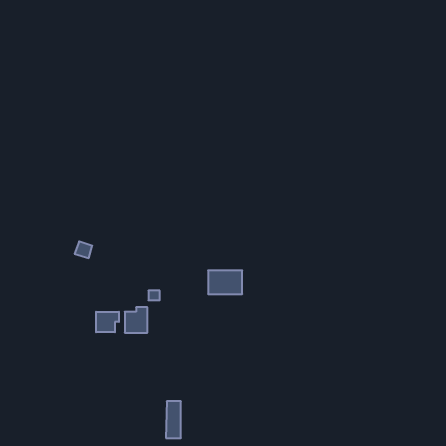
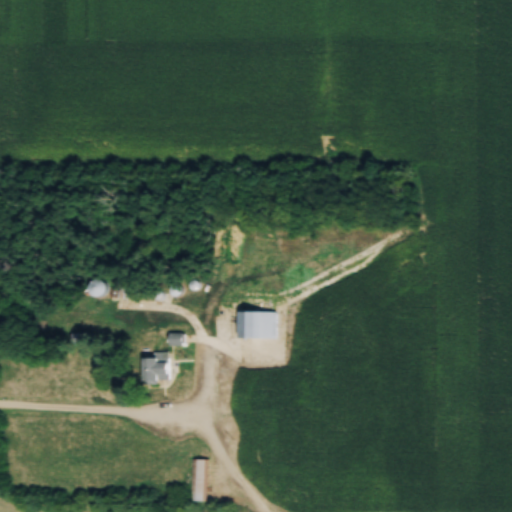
building: [96,312,119,332] -> none

